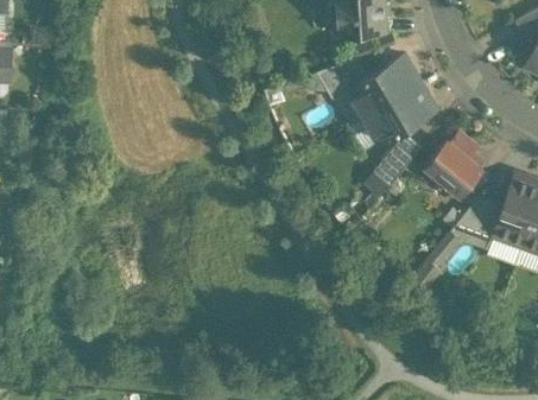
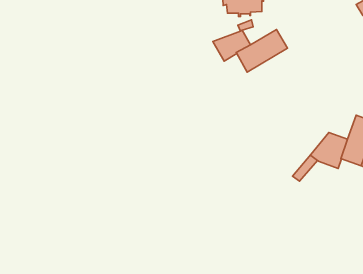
building: [363,82,436,141] -> none
building: [425,133,482,196] -> none
building: [373,134,420,184] -> none

